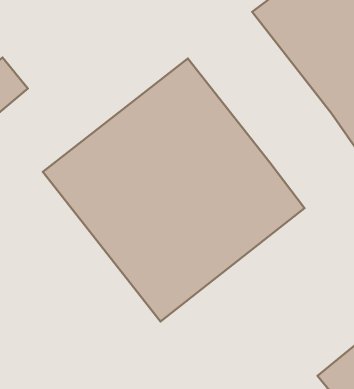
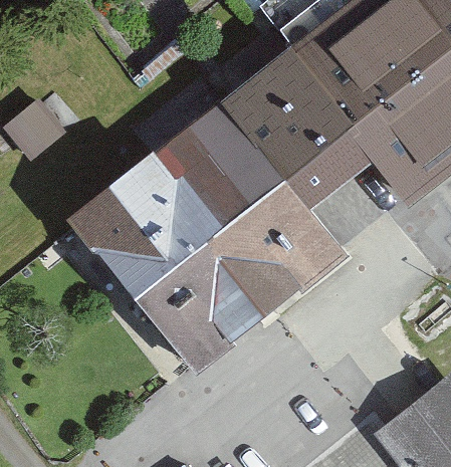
building: none -> [234,43,389,205]

